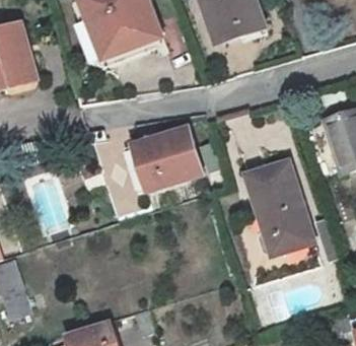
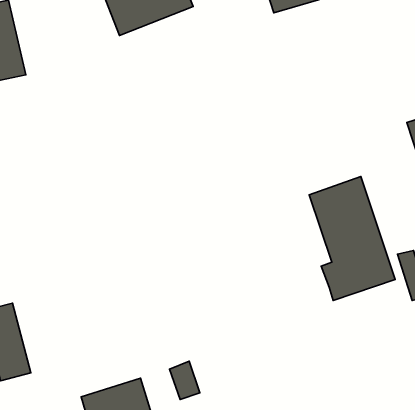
building: [125,129,199,191] -> none

